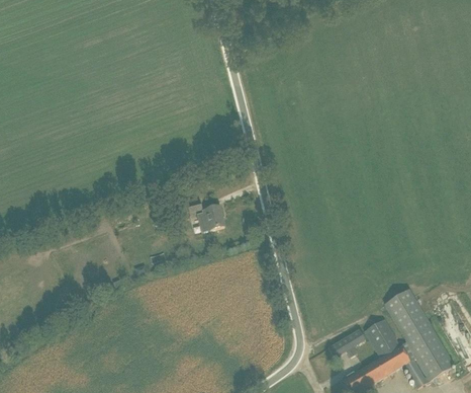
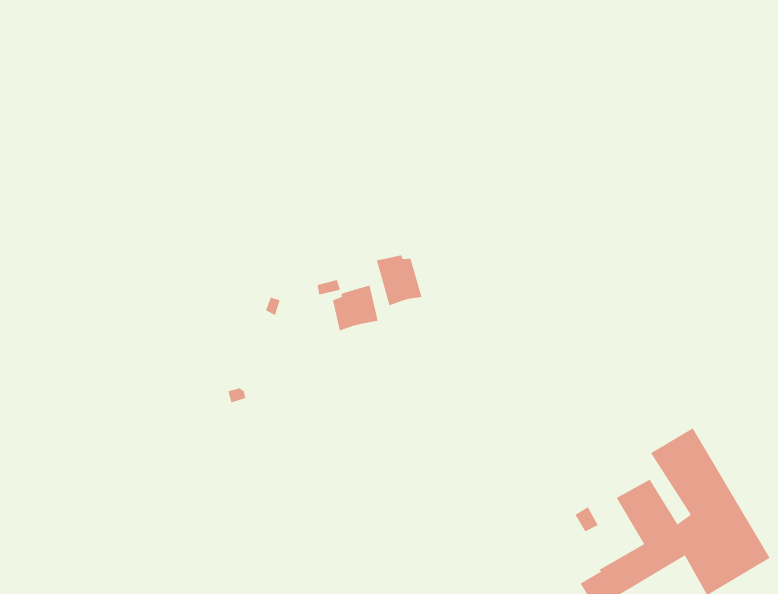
building: none -> [376,254,422,306]

